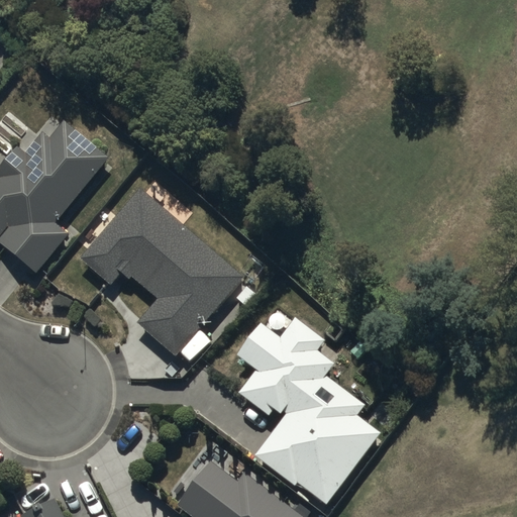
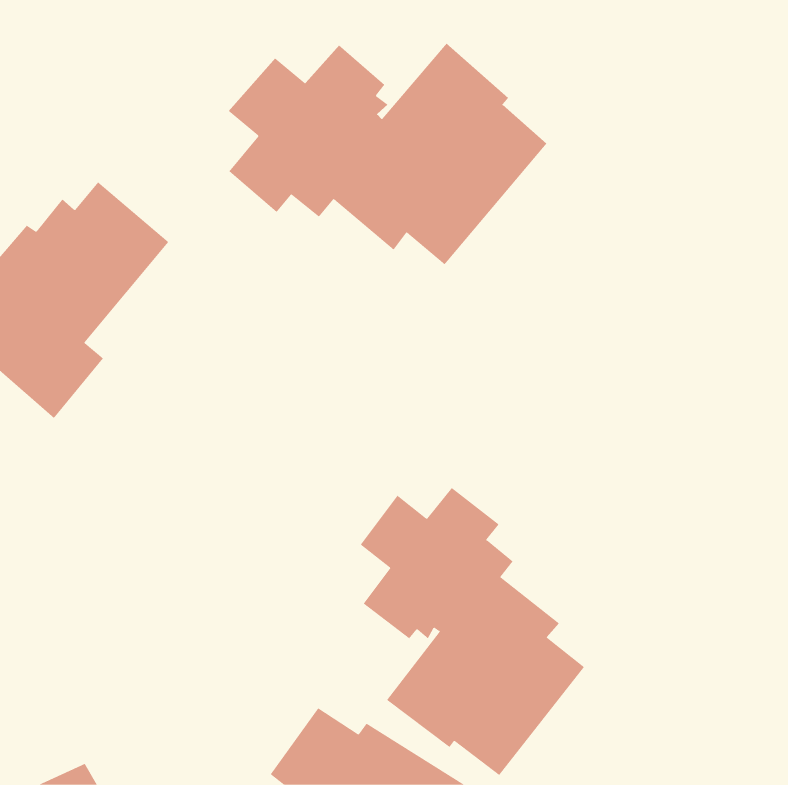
building: none -> [228,43,547,265]
building: [78,187,242,358] -> none

